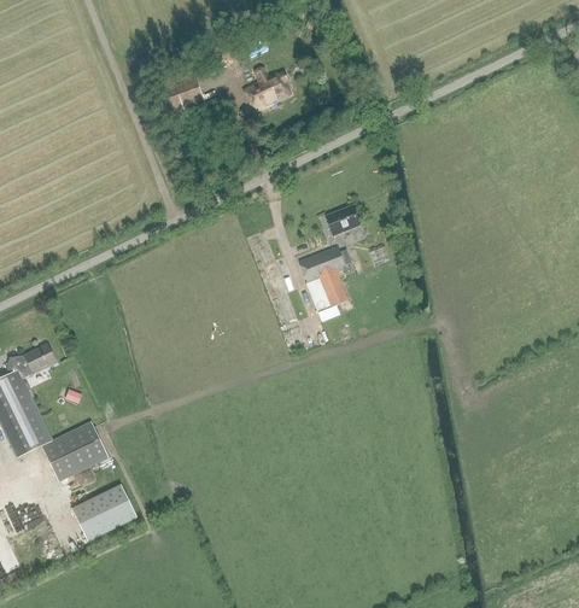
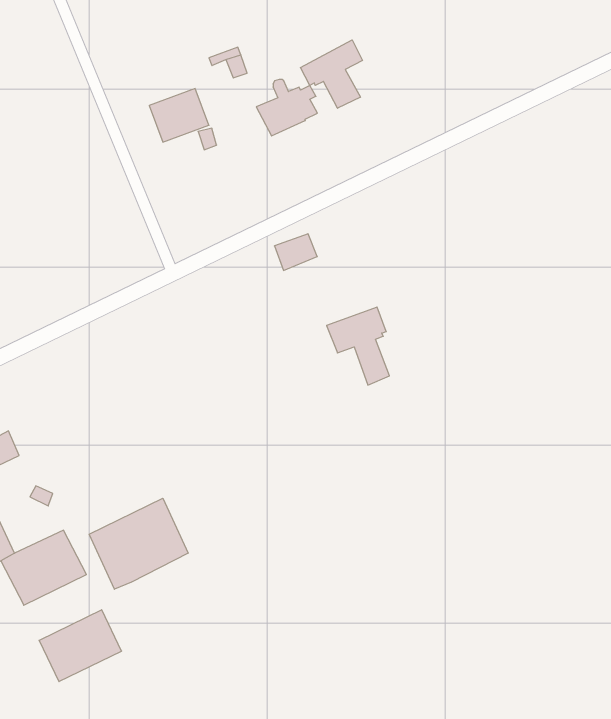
building: none -> [300,40,362,108]
building: [326,205,359,234] -> [274,234,317,270]
building: none -> [89,498,188,589]

